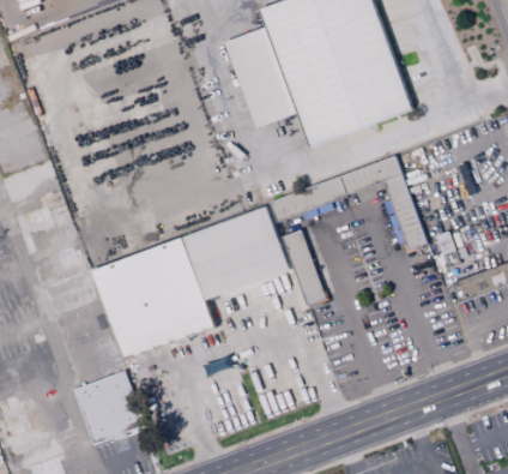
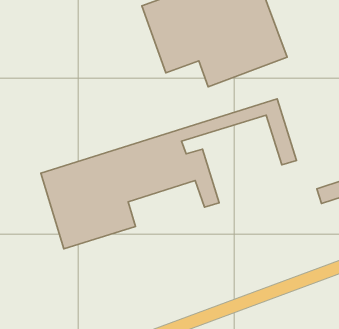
building: [74,372,144,443] -> none

